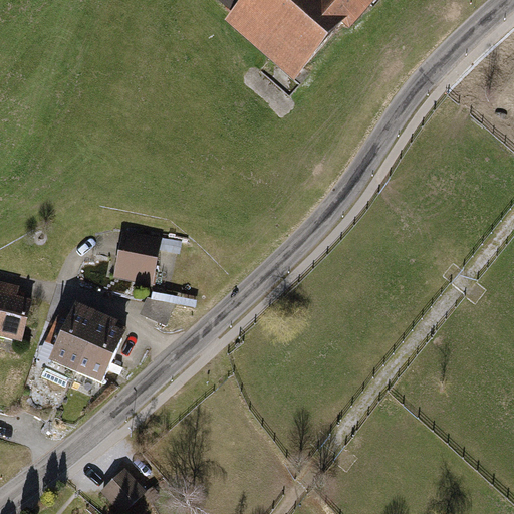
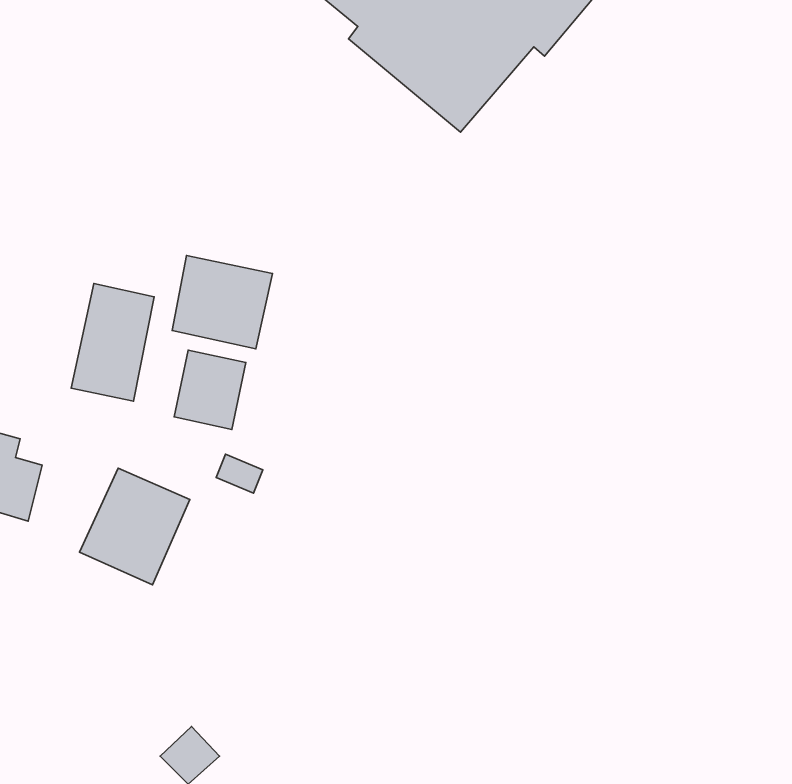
building: none -> [172,255,273,349]
building: none -> [71,283,154,401]

